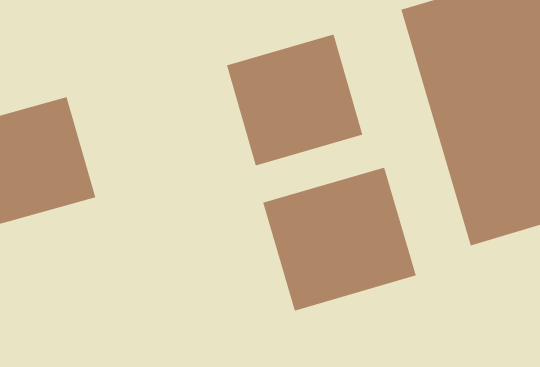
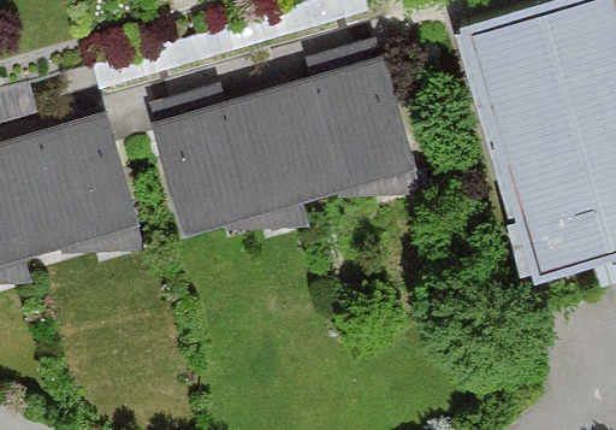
building: none -> [161,93,303,230]
building: [263,167,417,311] -> none

